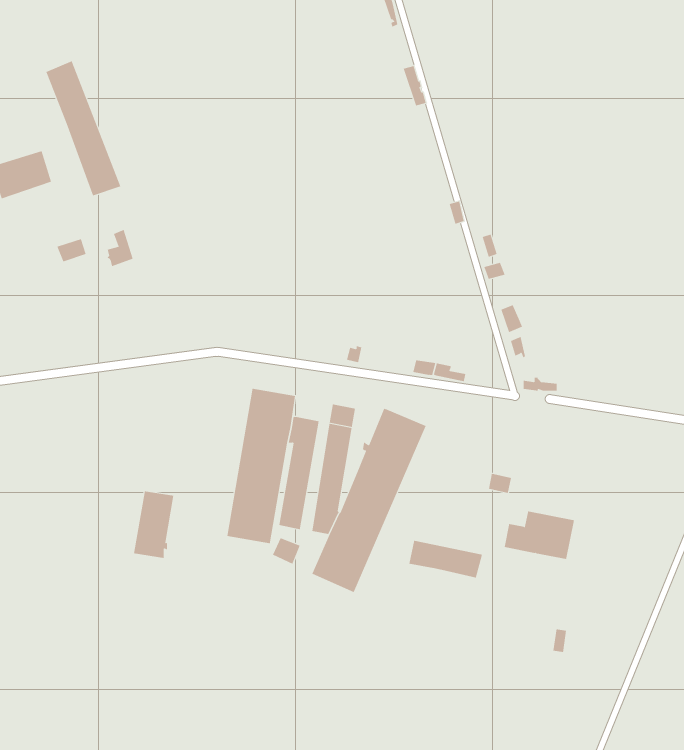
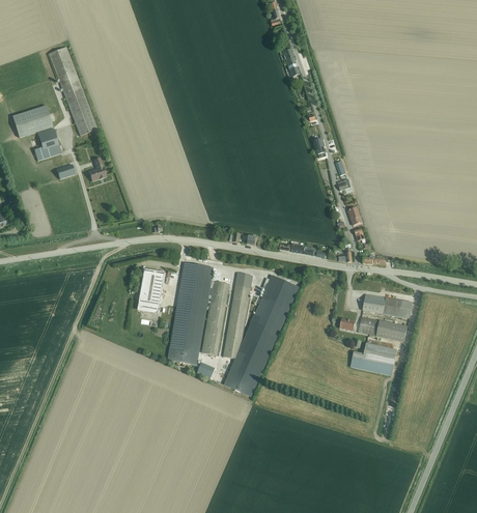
building: none -> [33,126,60,160]
building: none -> [362,293,412,317]
building: [133,491,174,558] -> [137,268,164,313]
building: [409,540,483,578] -> [358,316,406,341]

